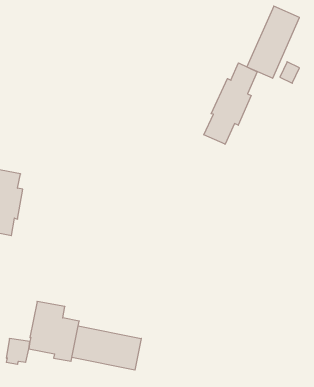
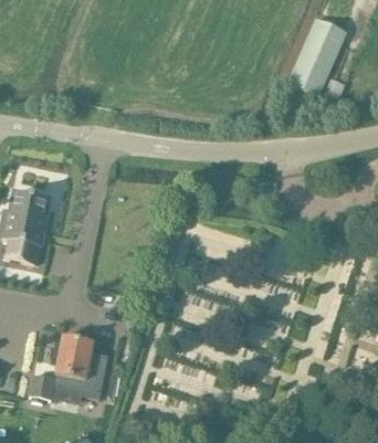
building: [204,63,257,144] -> none
building: [72,326,141,370] -> none

